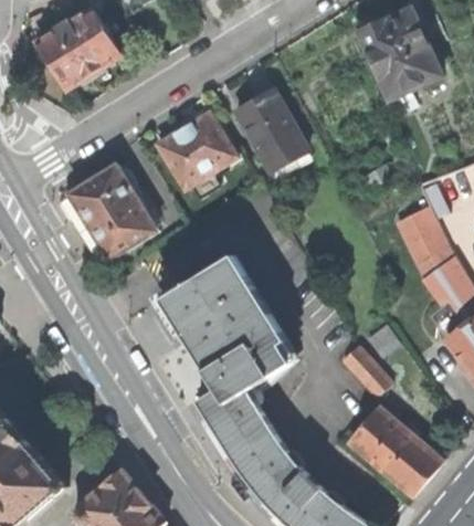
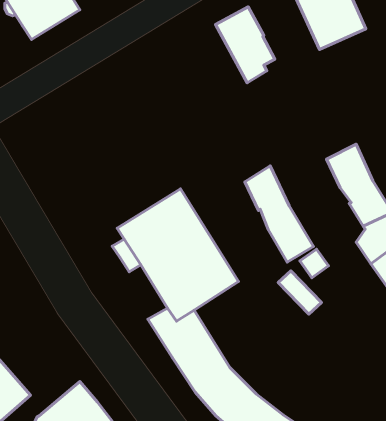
building: [234,87,301,172] -> [216,7,275,83]
building: [155,111,234,188] -> none
building: [62,162,156,262] -> none
building: none -> [245,166,314,262]
building: [347,406,442,495] -> none

